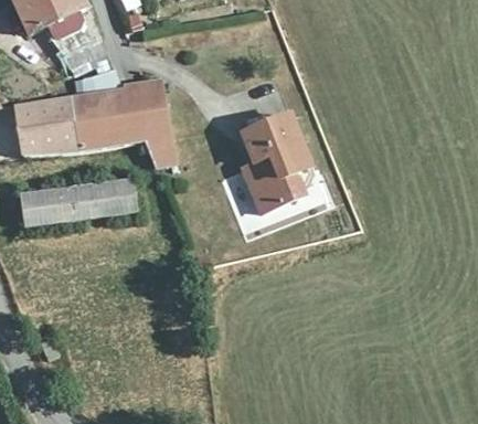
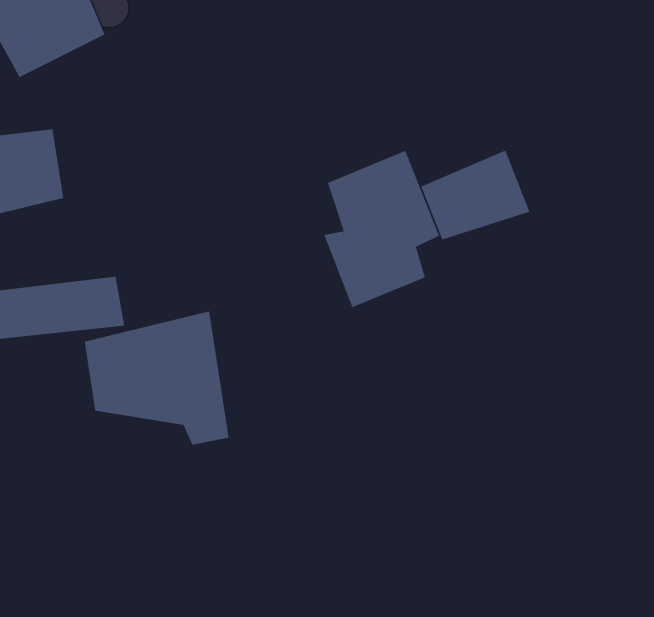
building: [74,78,163,161] -> [84,310,230,445]
building: none -> [420,149,531,241]

